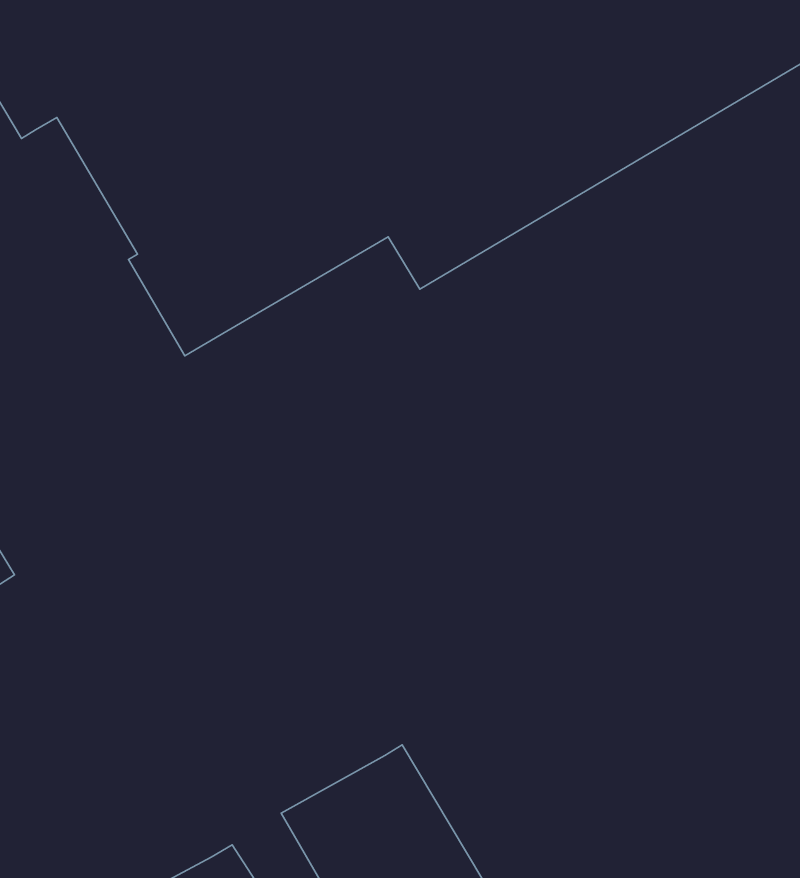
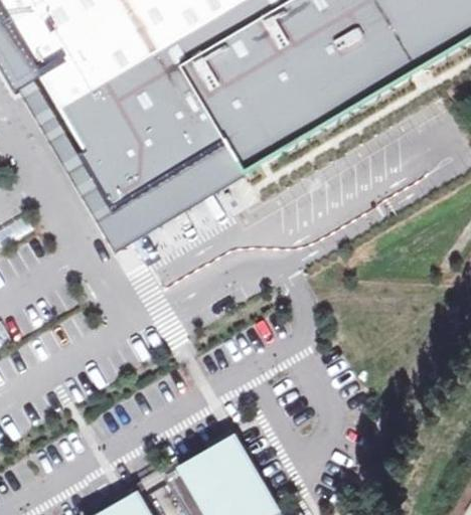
building: none -> [17,70,246,250]

